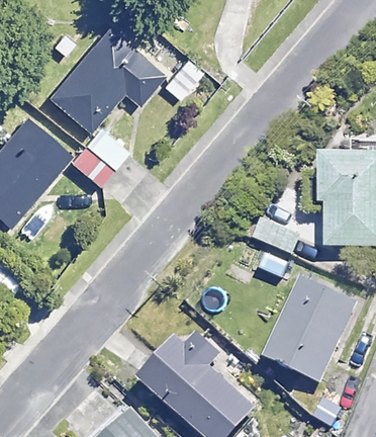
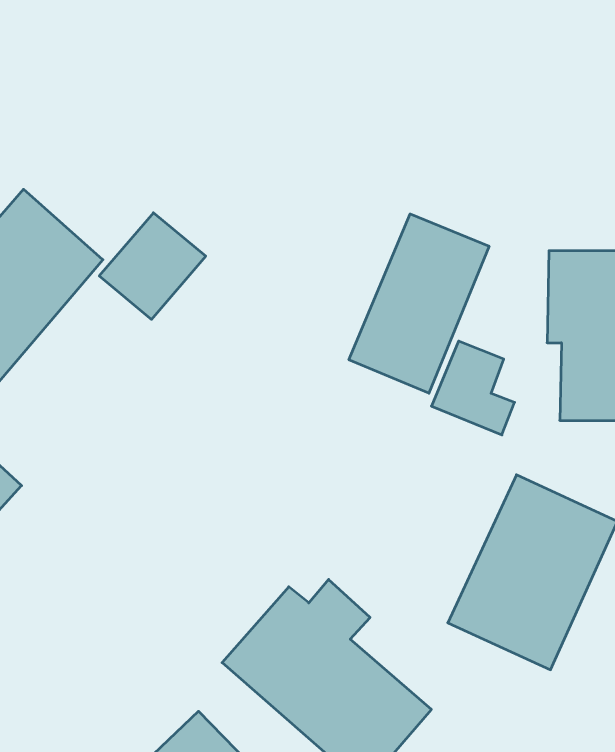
building: [52,29,163,122] -> none
building: none -> [349,214,489,393]

